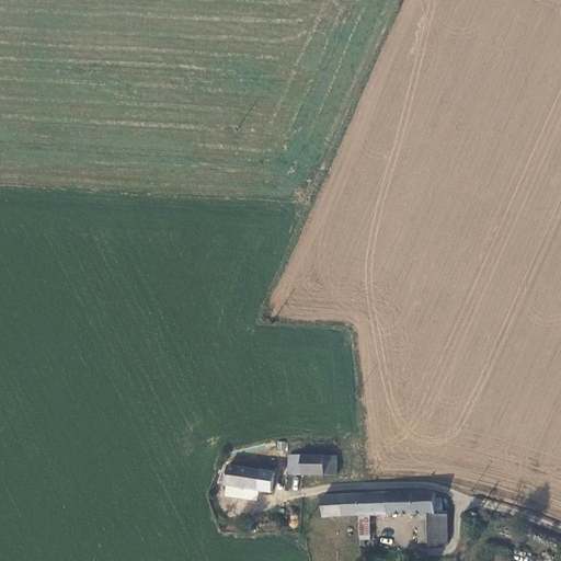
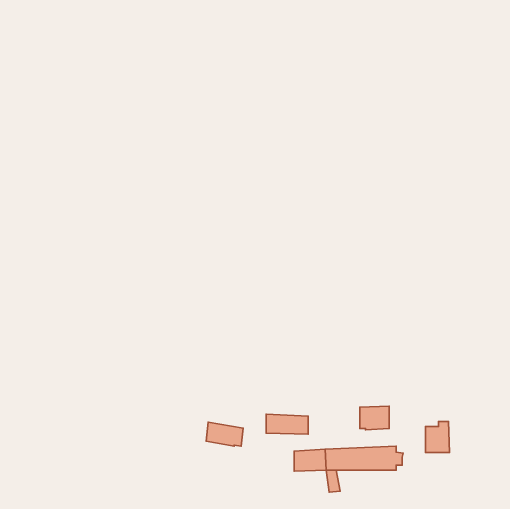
building: none -> [360,406,389,430]
building: [420,510,446,543] -> [426,421,450,452]

